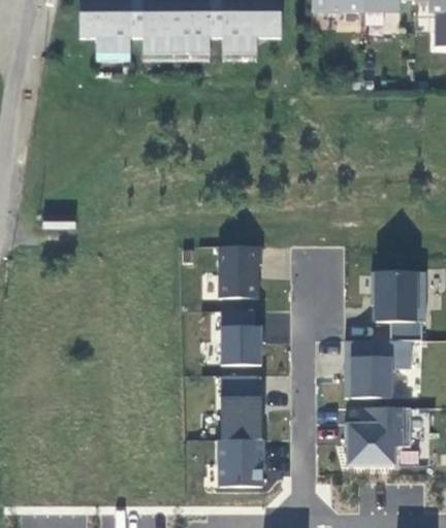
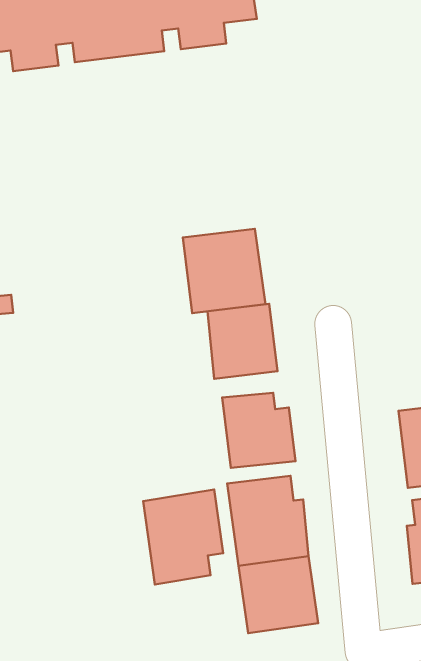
building: none -> [183,229,266,313]
building: none -> [143,490,223,585]

